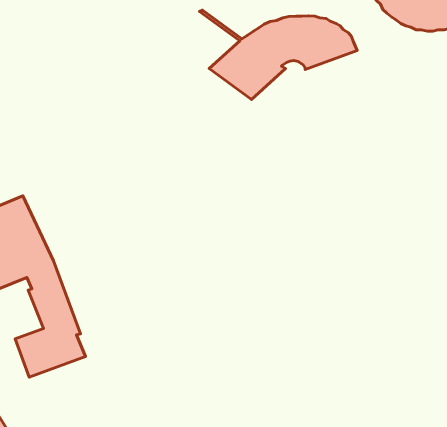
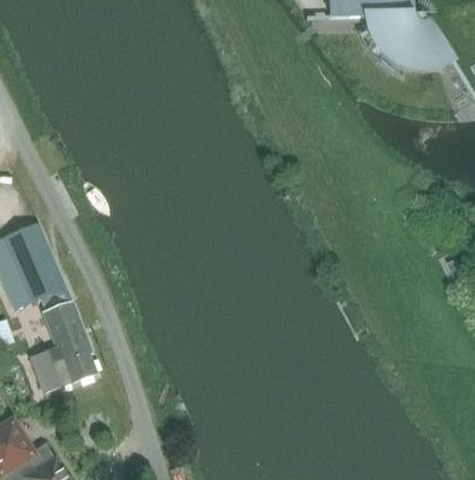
building: [199,10,357,99] -> none

